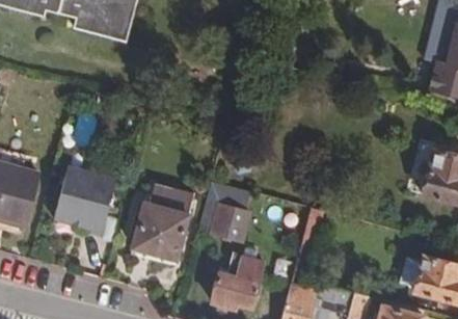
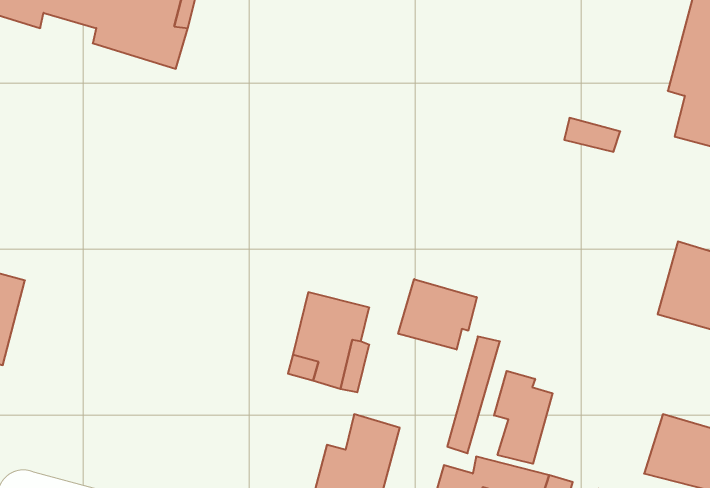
building: [51,165,113,235] -> none
building: none -> [398,279,477,350]
building: [126,183,191,260] -> none
building: none -> [494,371,553,464]

